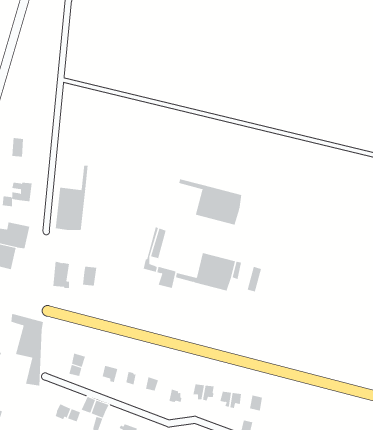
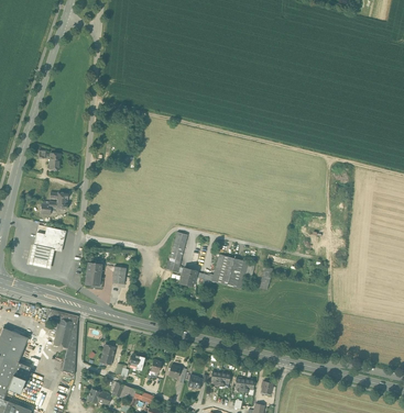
building: [55,165,88,231] -> none
building: [178,178,242,226] -> none

